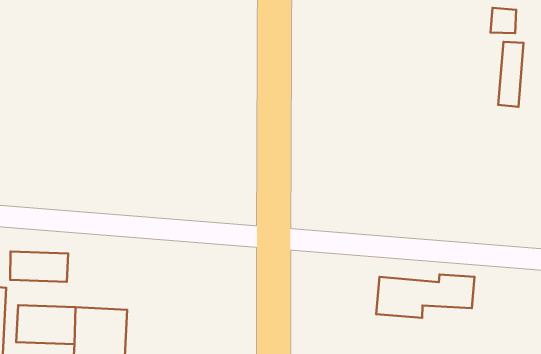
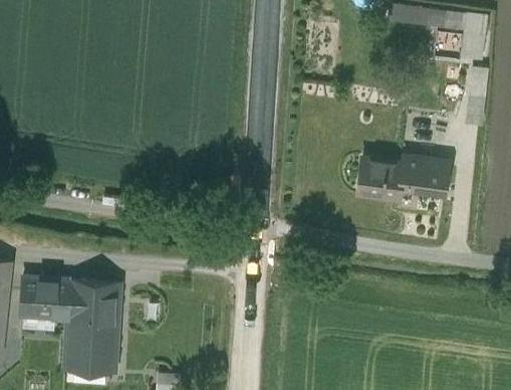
building: [10,252,68,282] -> none
building: [376,274,474,318] -> [357,160,448,199]

